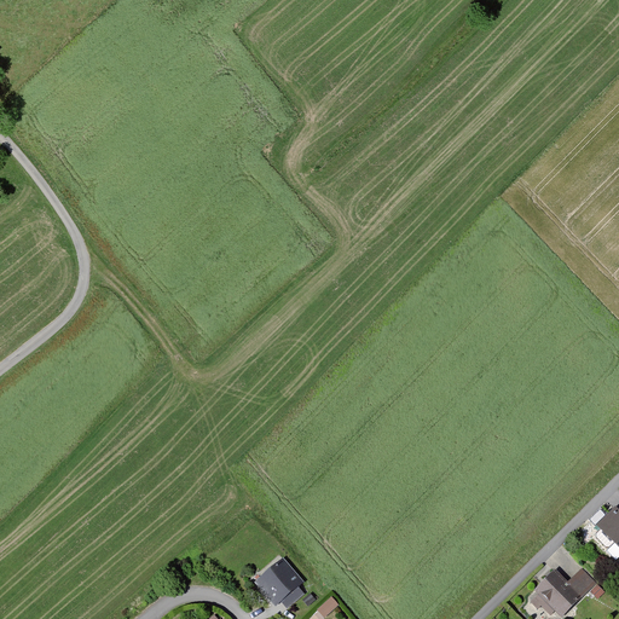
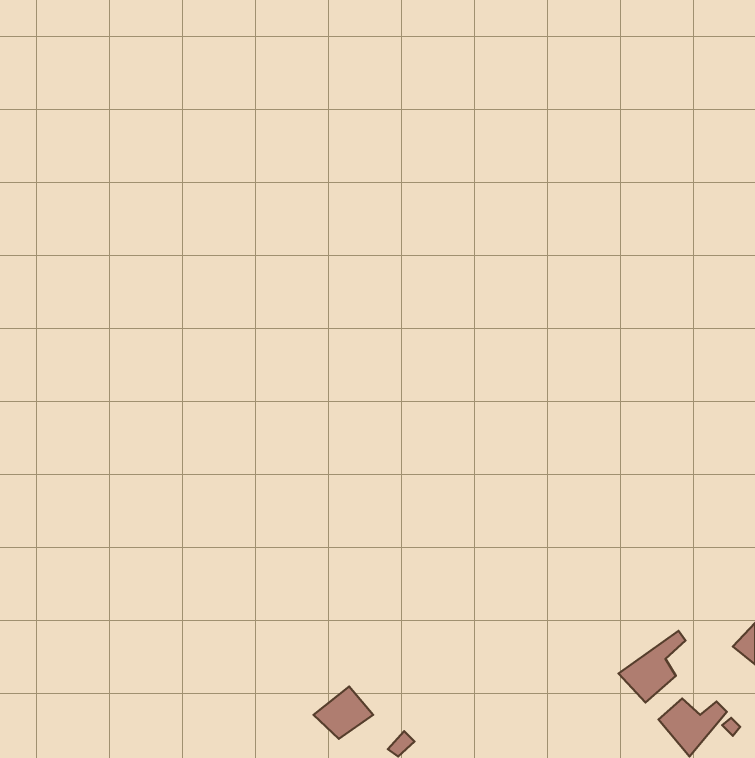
building: none -> [618,631,685,702]

